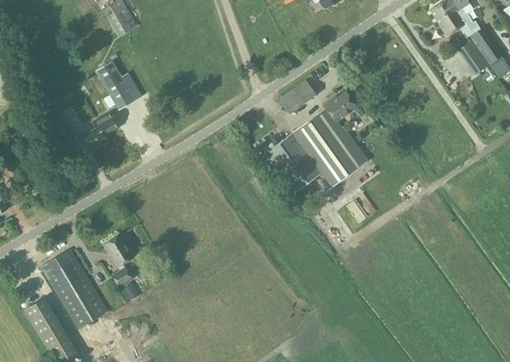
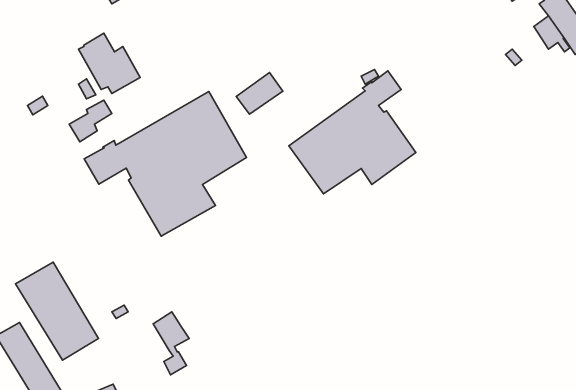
building: [277,79,316,113] -> [236,72,283,114]
building: none -> [84,92,246,236]
building: [104,234,134,285] -> [153,312,189,375]

